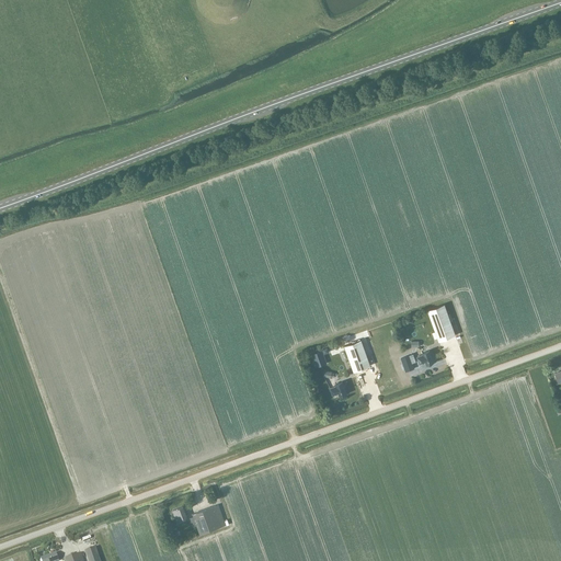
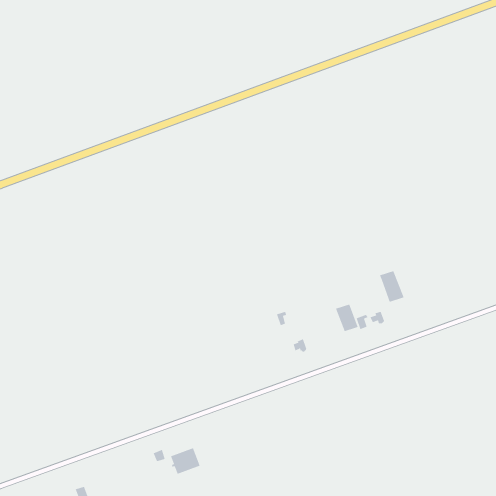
building: [345,341,371,373] -> [335,304,359,332]

